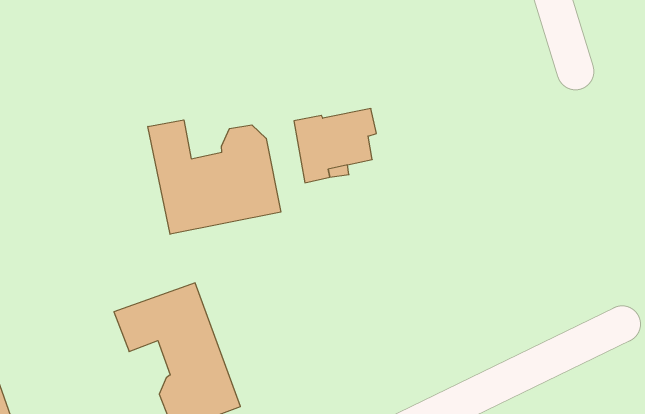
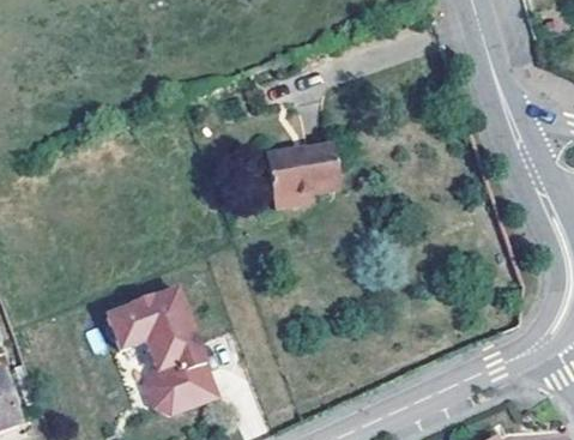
building: [148,120,281,234] -> none

